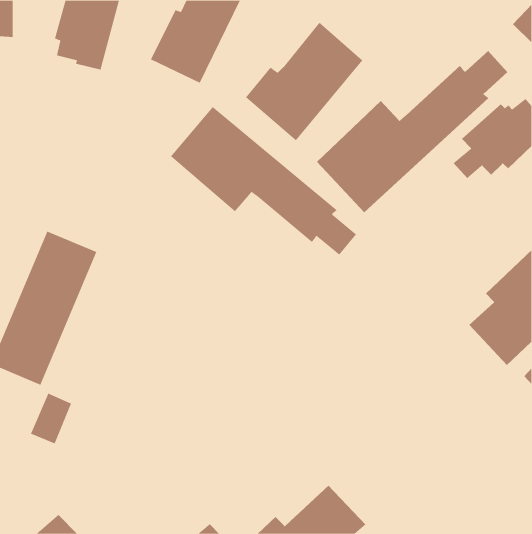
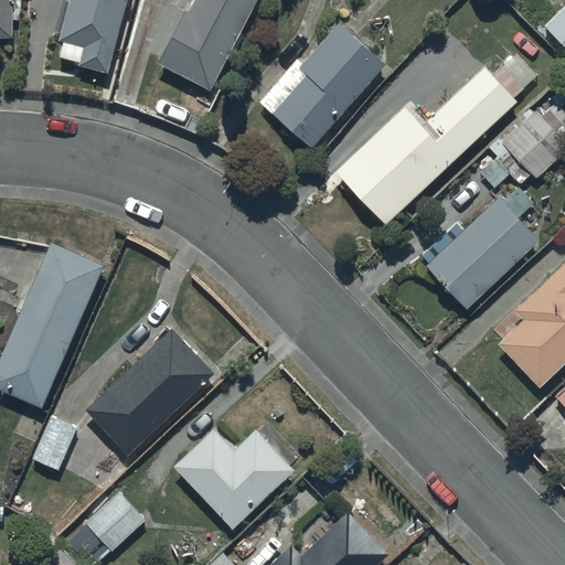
building: [170,106,357,256] -> none
building: none -> [423,188,537,308]
building: none -> [86,329,211,454]
building: none -> [173,427,294,529]
building: none -> [85,492,143,551]

